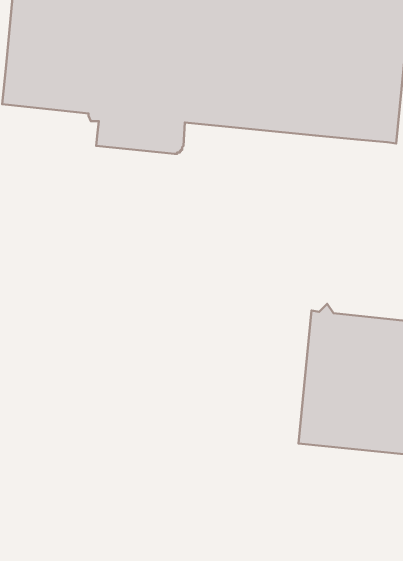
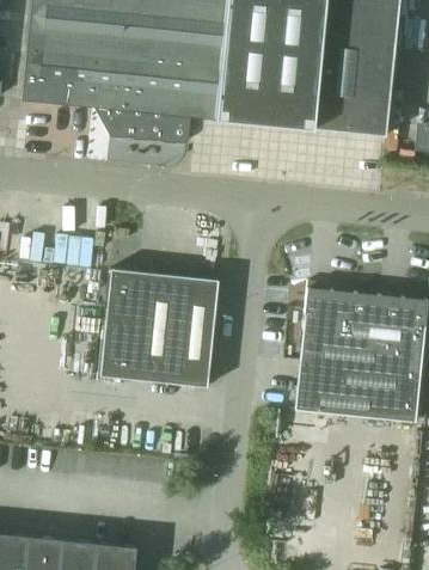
building: none -> [99,268,217,386]

